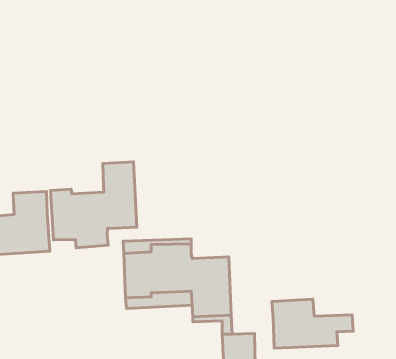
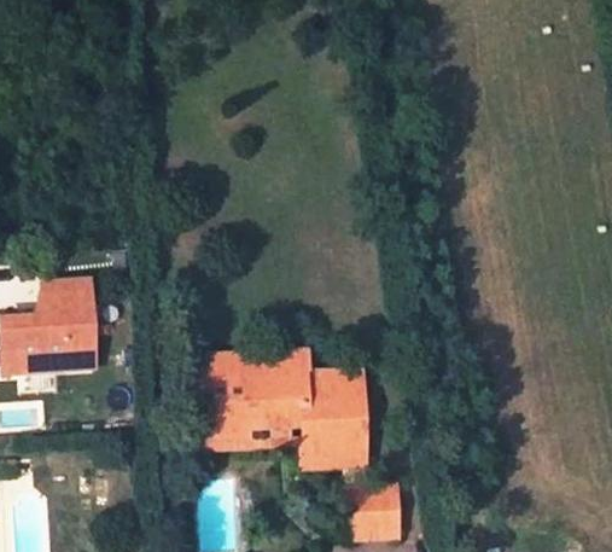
building: [51,162,137,248] -> none
building: [272,299,353,348] -> none

